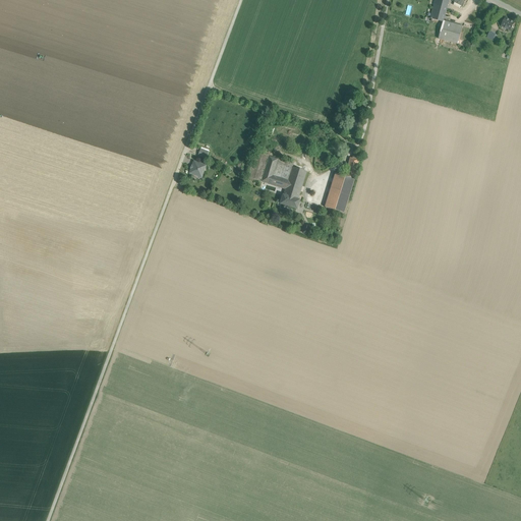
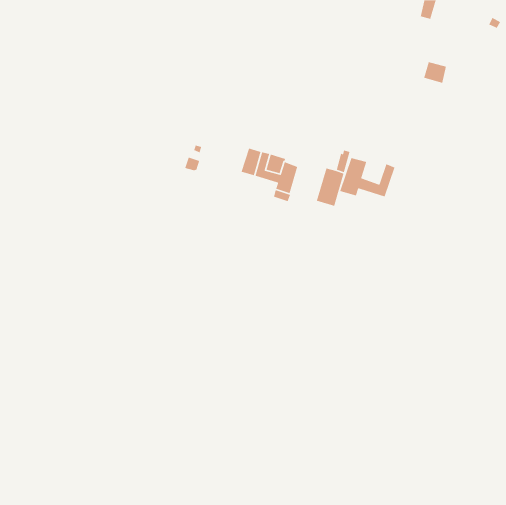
building: [439,20,463,44] -> [423,61,447,84]
building: none -> [339,157,396,198]

